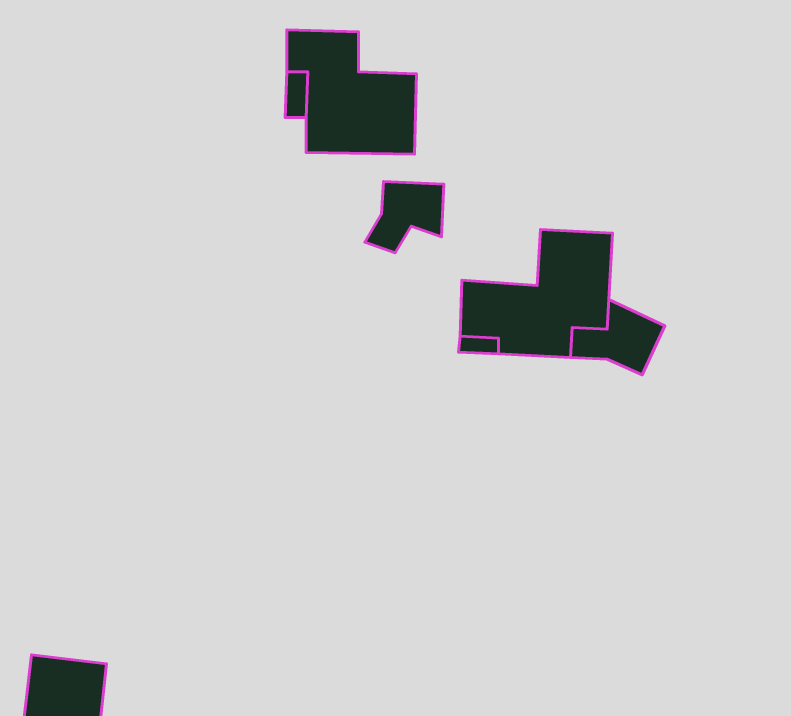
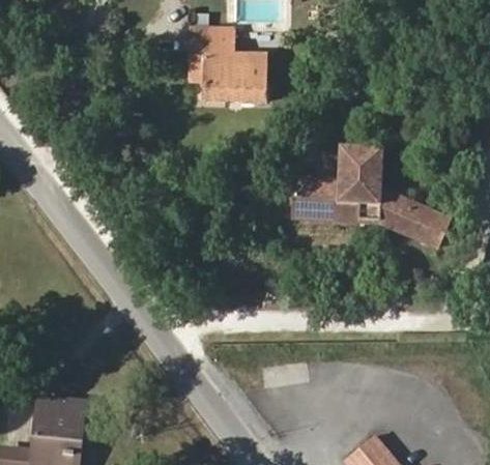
building: [365,181,444,253] -> none
building: none -> [401,203,450,248]

